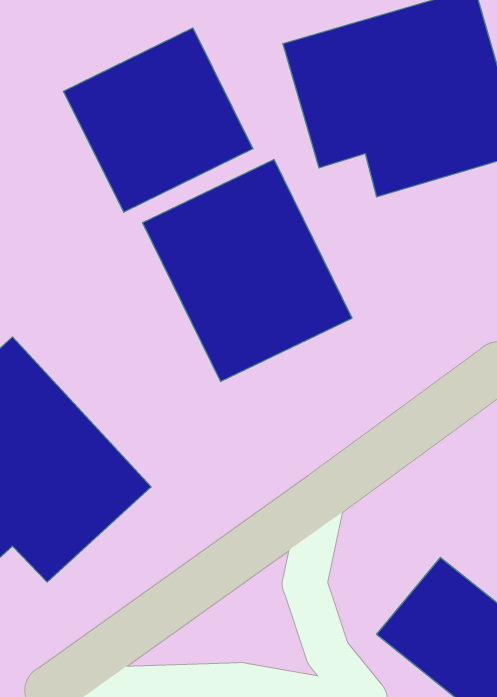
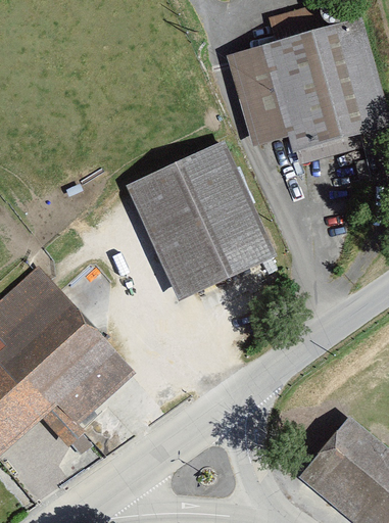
building: [63,28,253,212] -> none

